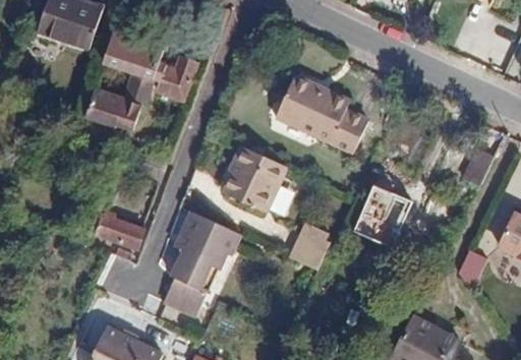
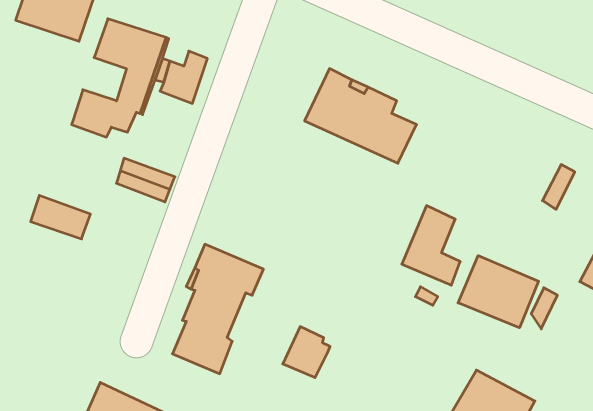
building: [228,145,289,211] -> none
building: [96,213,144,248] -> [31,195,90,239]
building: none -> [458,256,539,328]
building: [292,228,331,269] -> [283,327,330,378]

